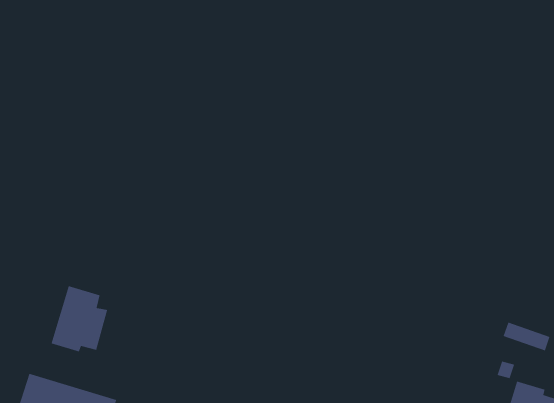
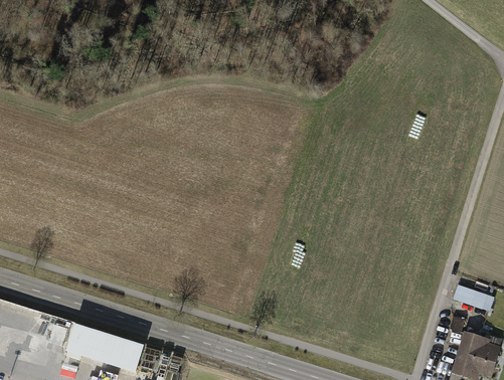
building: [51,285,108,353] -> none

